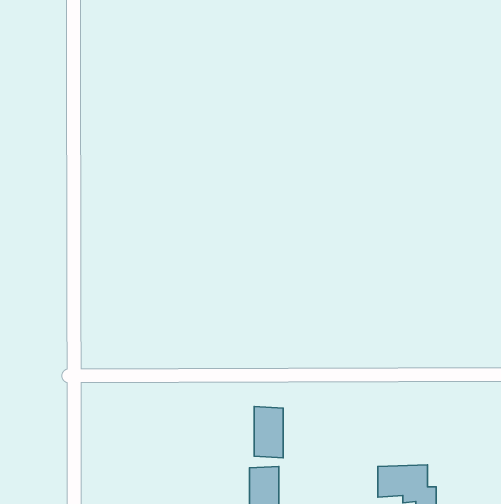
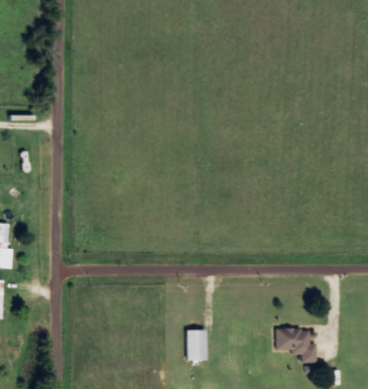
building: [254,407,283,458] -> none

